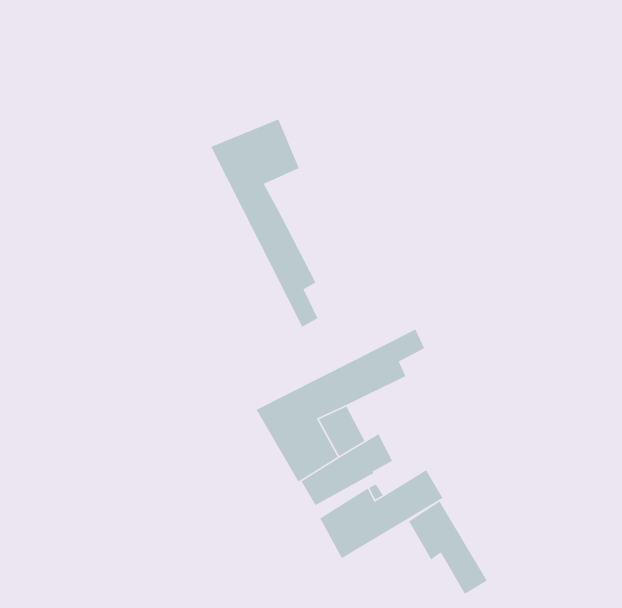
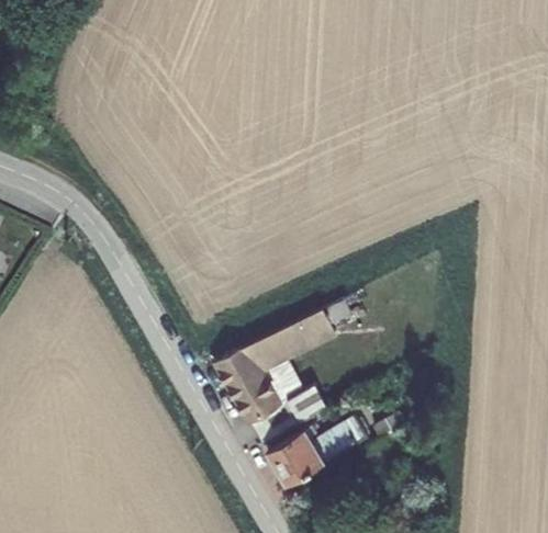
building: [210,119,318,328] -> none
building: [408,500,488,595] -> none

